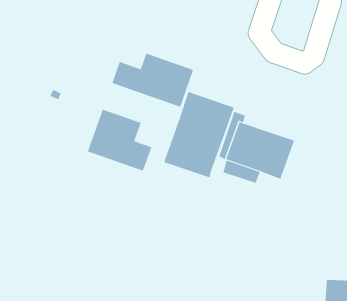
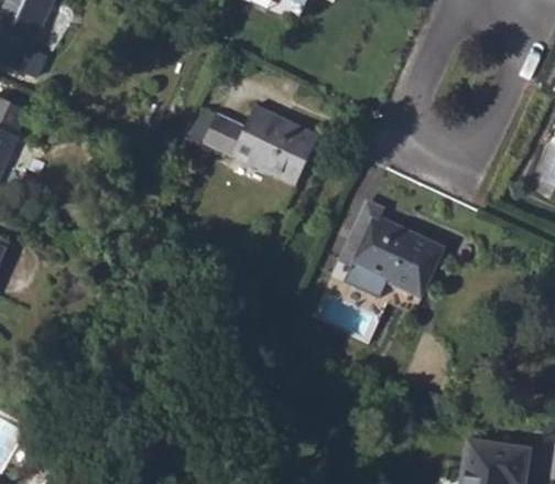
building: [163,91,235,178] -> none
building: [87,109,152,171] -> none

